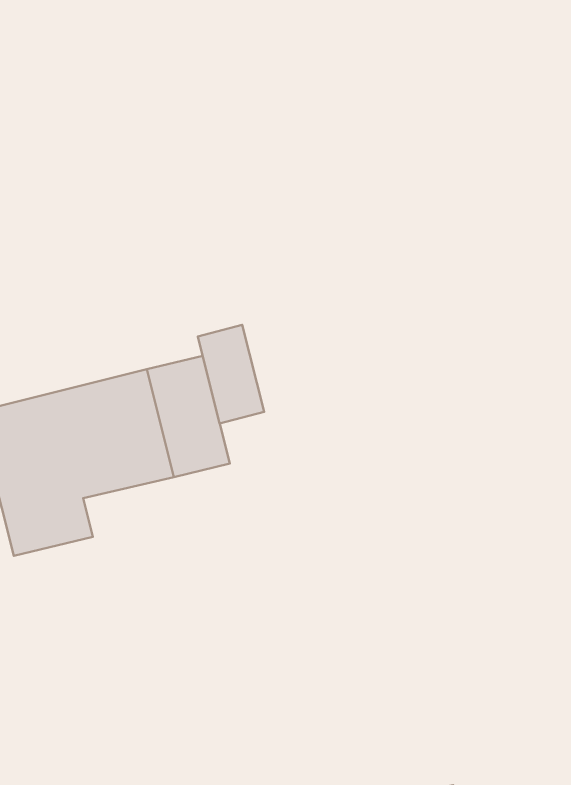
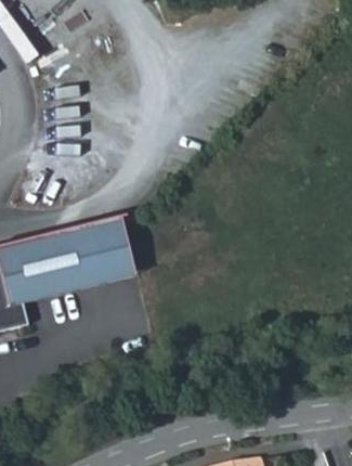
building: [198,325,264,423] -> none

